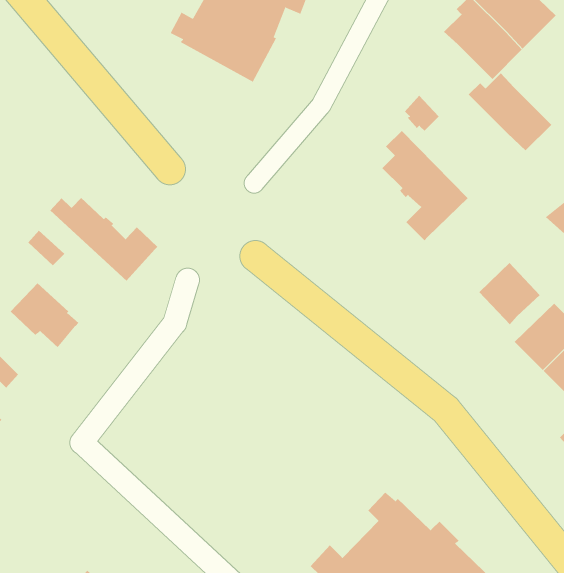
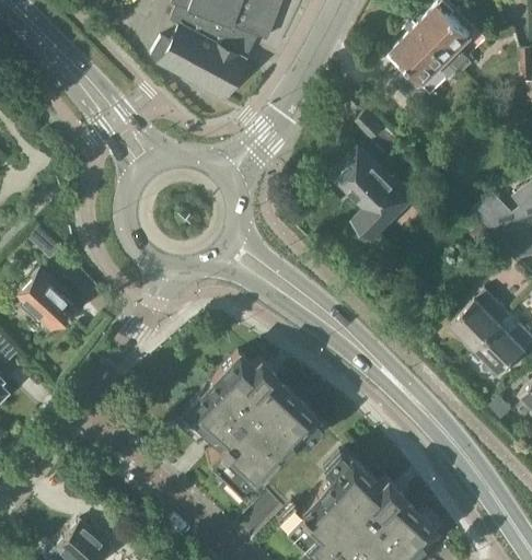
building: [468,72,552,151] -> none
building: [49,197,158,282] -> none
building: [479,262,541,325] -> none
building: none -> [177,353,324,503]

